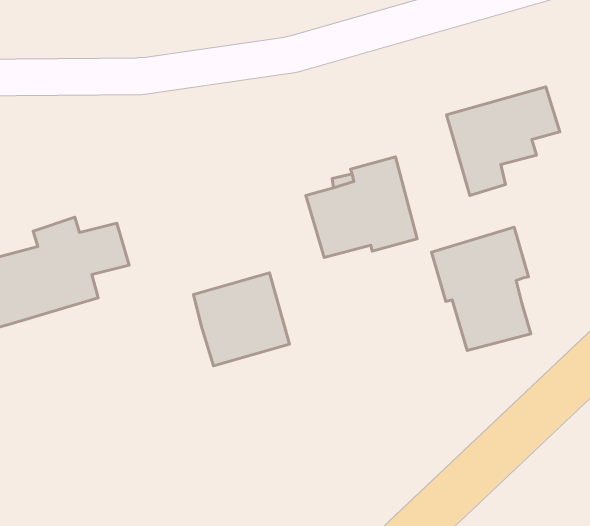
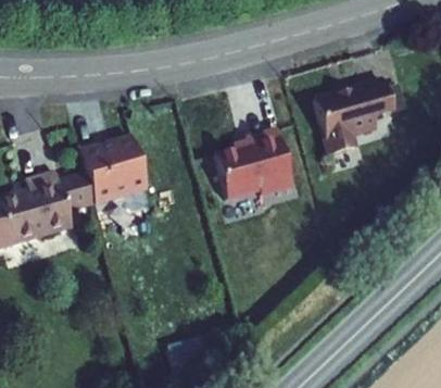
building: [432,227,531,351] -> none
building: [193,273,290,366] -> [79,138,147,203]

